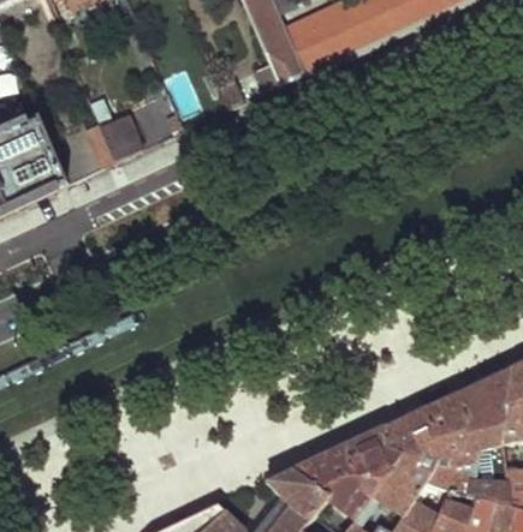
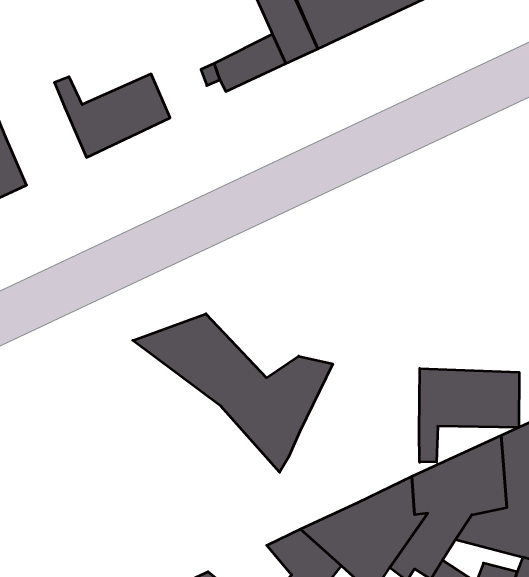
building: [52,122,118,186] -> none
building: none -> [133,314,333,472]
building: none -> [419,368,519,462]

